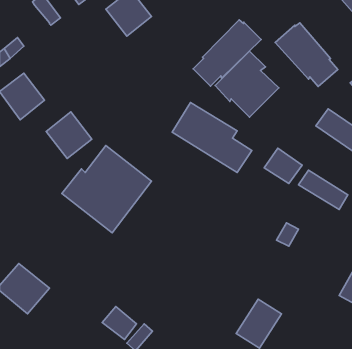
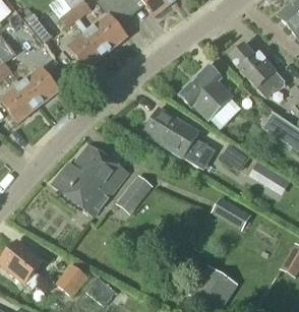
building: none -> [68,29,106,68]
building: [193,20,261,86] -> none
building: [46,112,92,159] -> [20,66,58,105]
building: none -> [116,175,151,212]
building: none -> [54,263,86,296]

